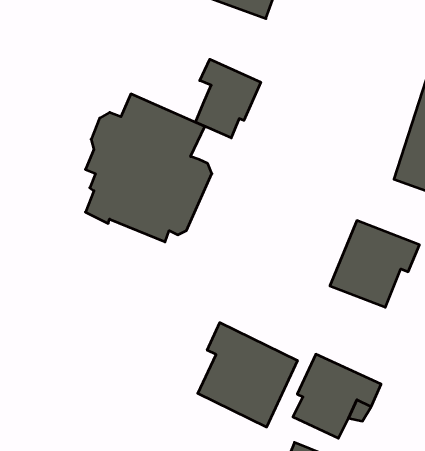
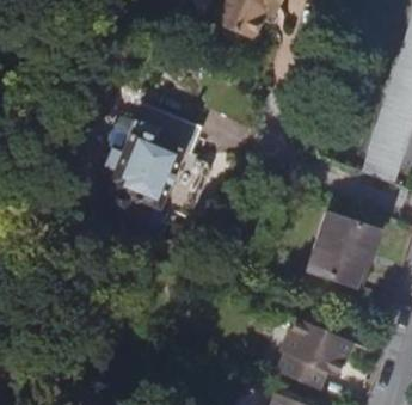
building: [195,59,261,138] -> none
building: [198,323,297,427] -> none

